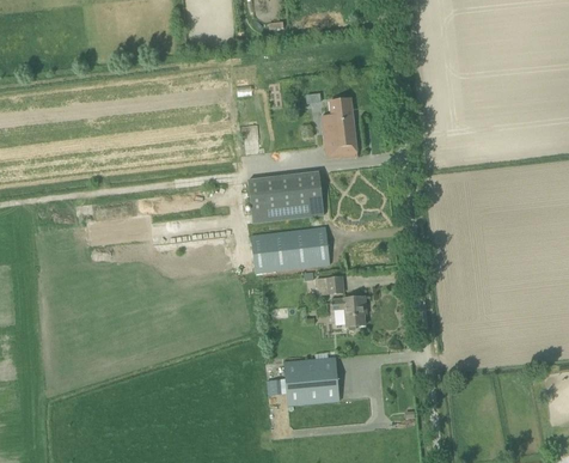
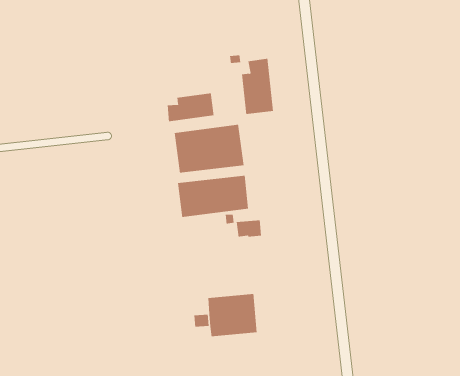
building: none -> [167,93,214,122]
building: [331,296,366,329] -> none

